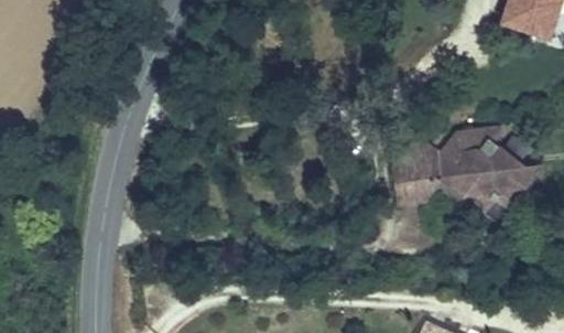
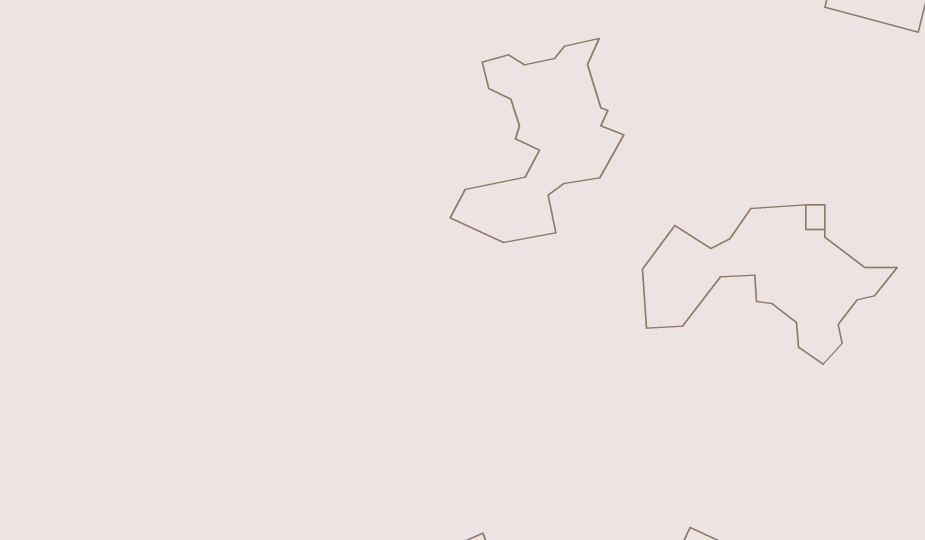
building: none -> [450,38,624,243]

